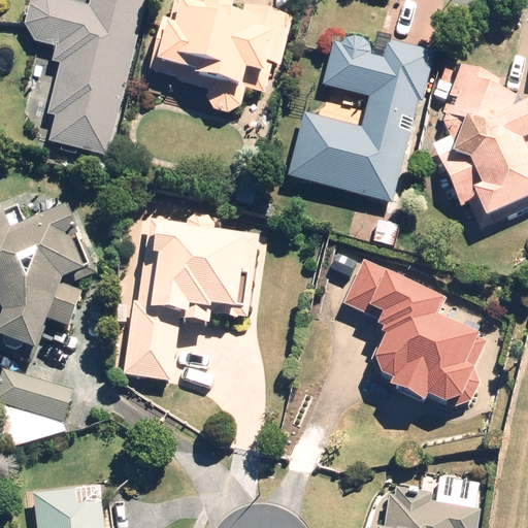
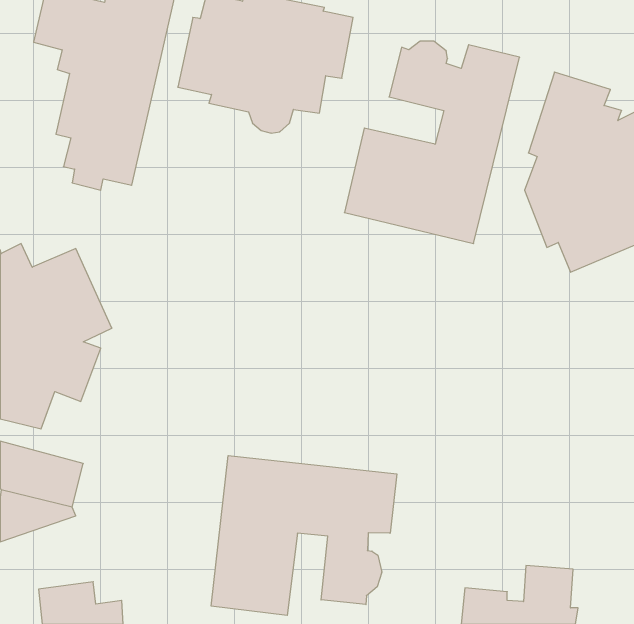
building: [125,216,259,382] -> none
building: [339,259,477,407] -> none
building: none -> [211,456,397,615]

